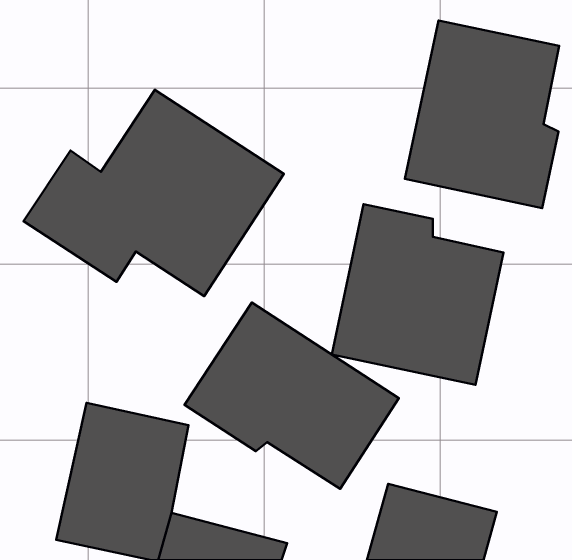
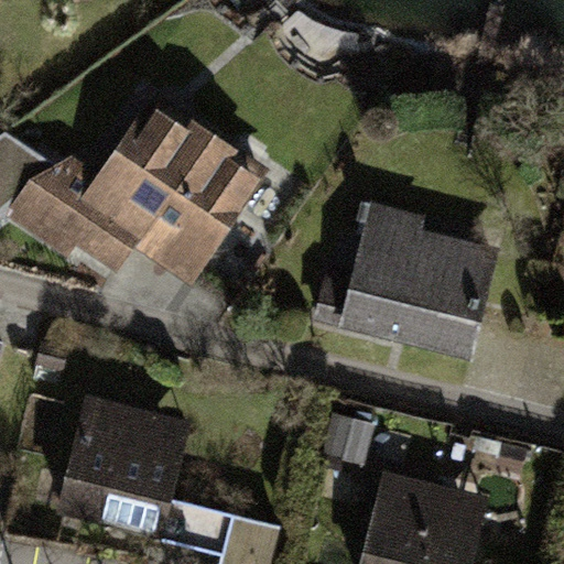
building: [405,21,559,208] -> none
building: [185,302,399,489] -> none

